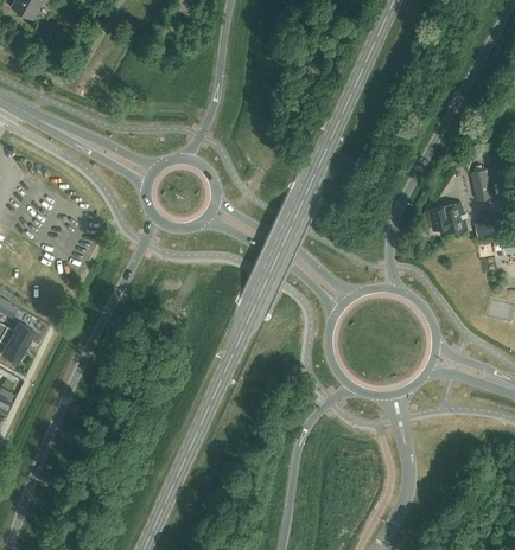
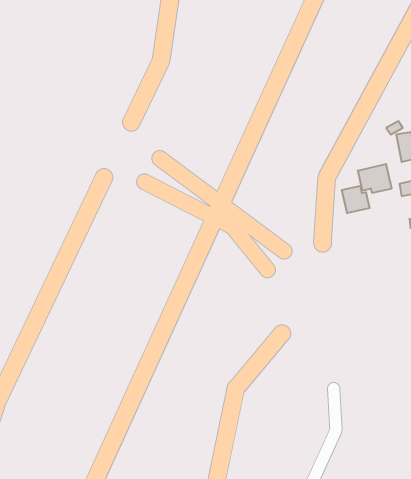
building: none -> [342,186,370,213]

